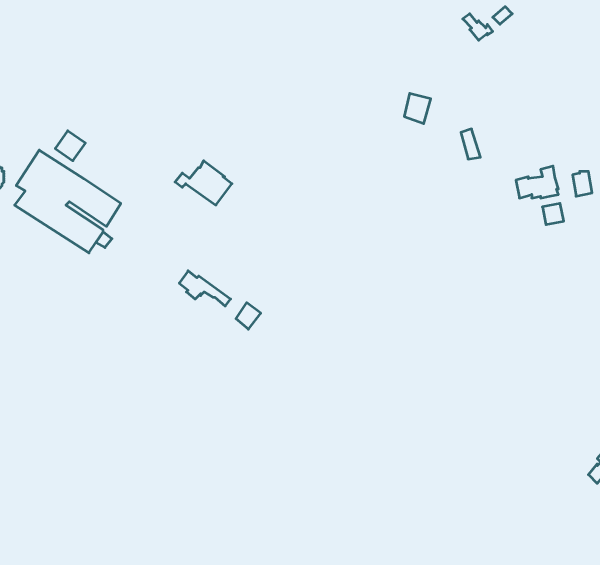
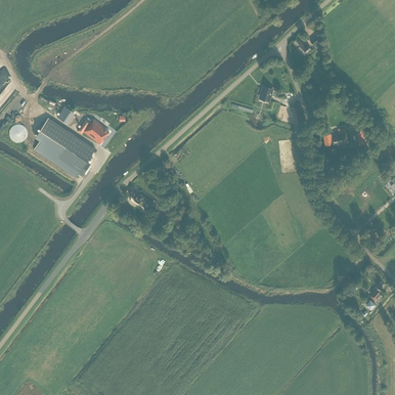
building: [175,161,232,205] -> [77,119,109,144]

